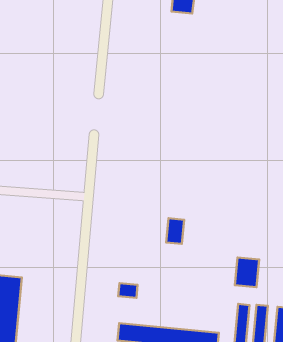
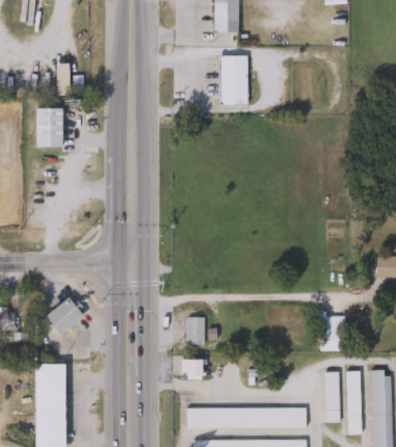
building: none -> [219,55,248,103]
building: none -> [37,108,62,147]
building: [166,218,184,244] -> [186,316,205,345]
building: none -> [47,297,84,334]

